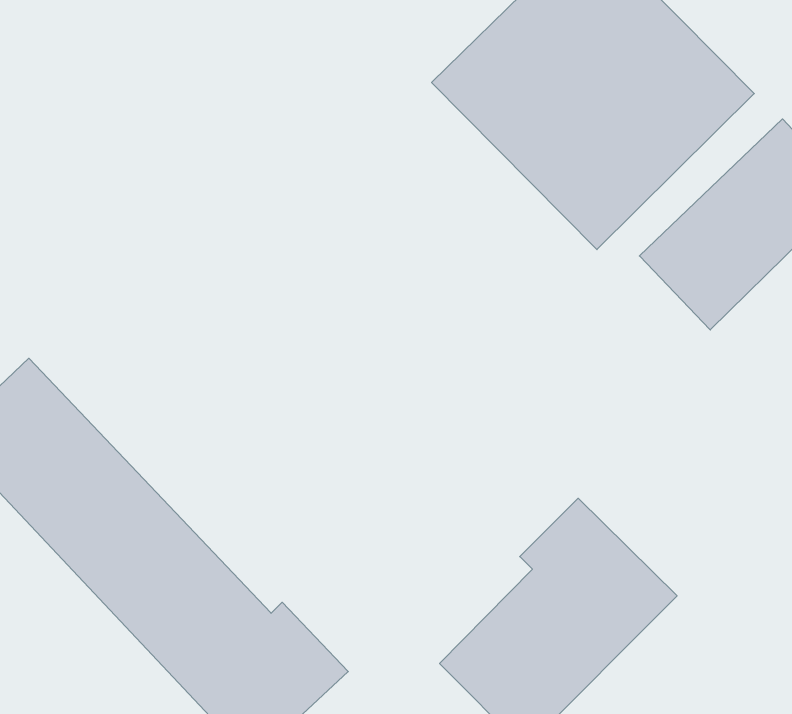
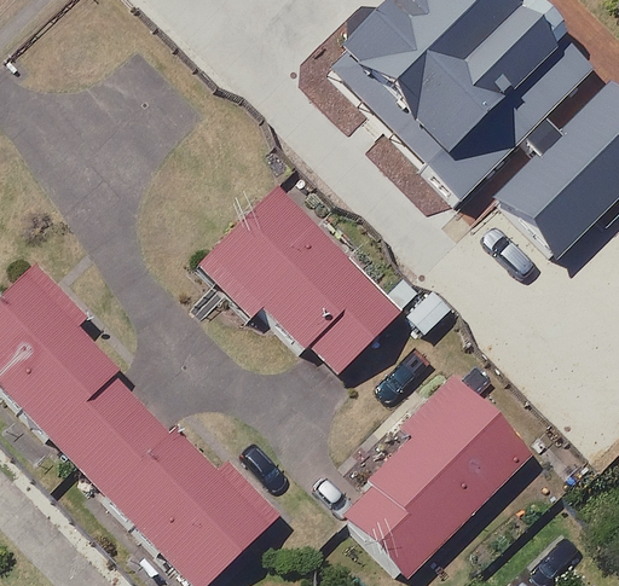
building: none -> [212,192,394,372]

